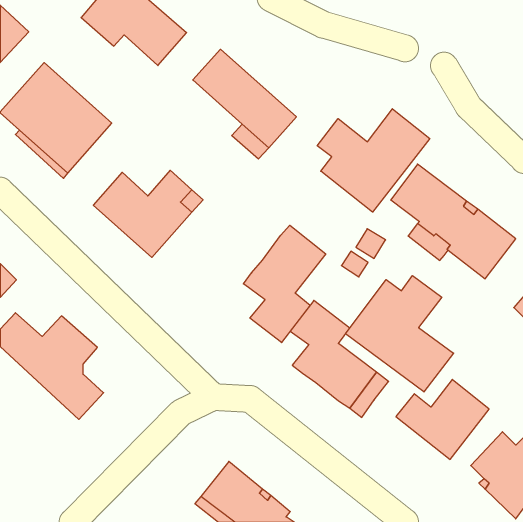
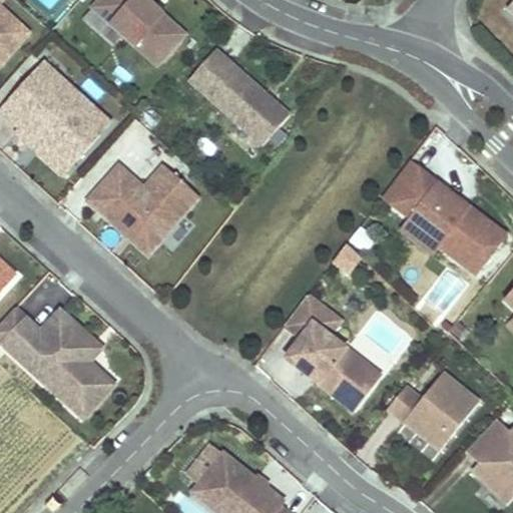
building: [317,109,430,212] -> none
building: [243,225,326,343] -> none
building: [346,276,454,392] -> none
building: none -> [78,340,116,417]

